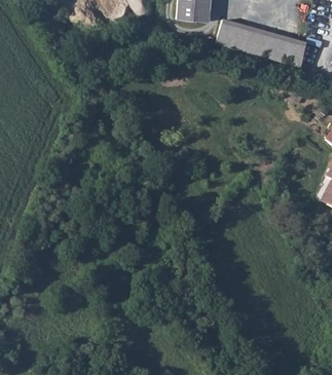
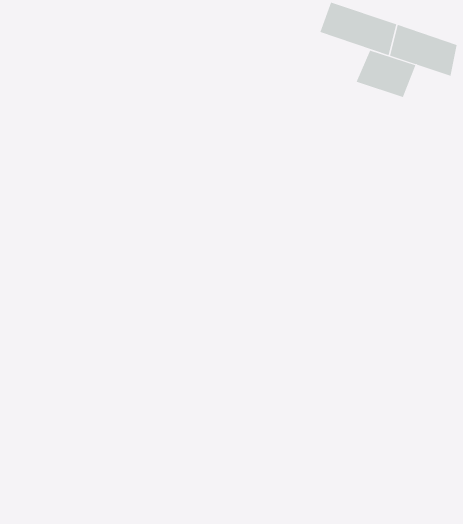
building: none -> [356,50,416,98]

